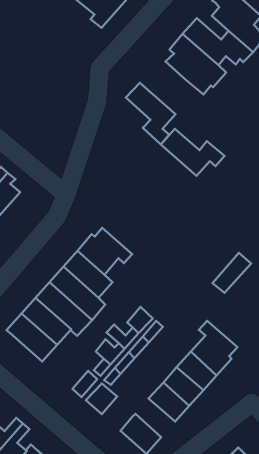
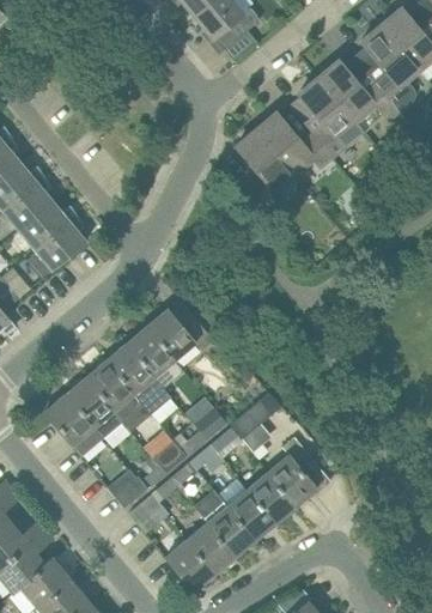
building: [161,129,225,176] -> [255,113,331,175]
building: [212,253,251,293] -> [230,390,281,437]
building: none -> [187,522,235,572]

